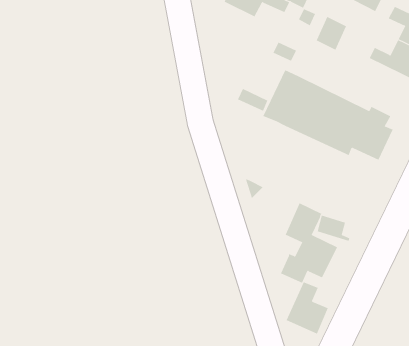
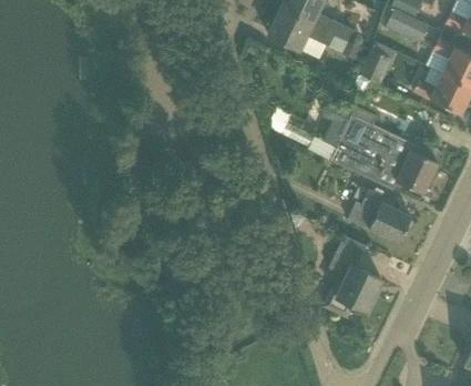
building: none -> [347,190,412,244]
building: [286,281,329,335] -> none

